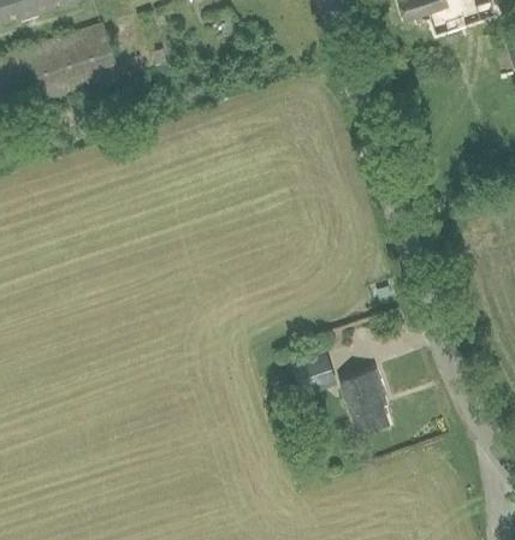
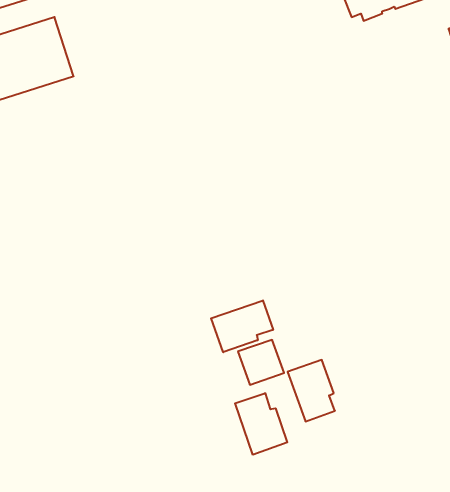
building: none -> [211,300,273,352]
building: none -> [235,393,287,455]

